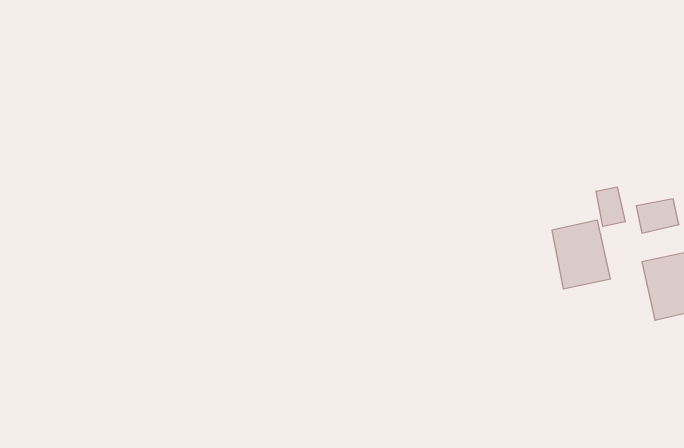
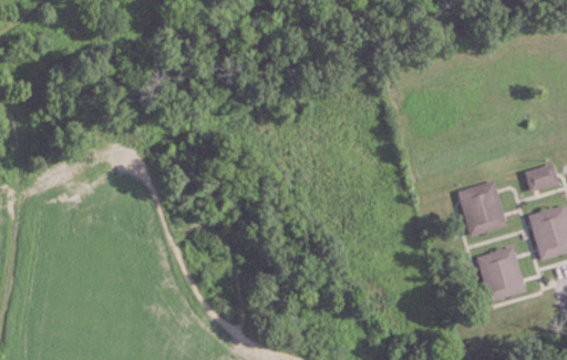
building: [596,187,625,227] -> none
building: none -> [477,247,524,301]

